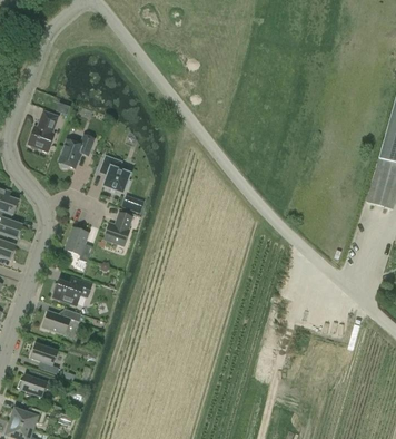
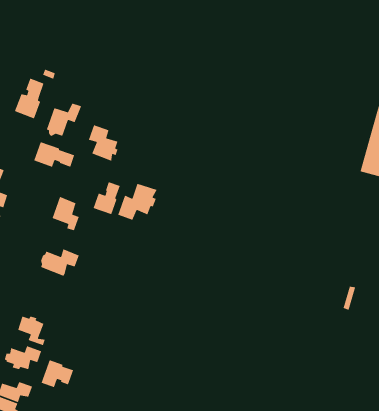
building: none -> [33,141,75,168]
building: none -> [117,183,158,221]
building: [41,308,81,334] -> none
building: none -> [41,359,74,388]

